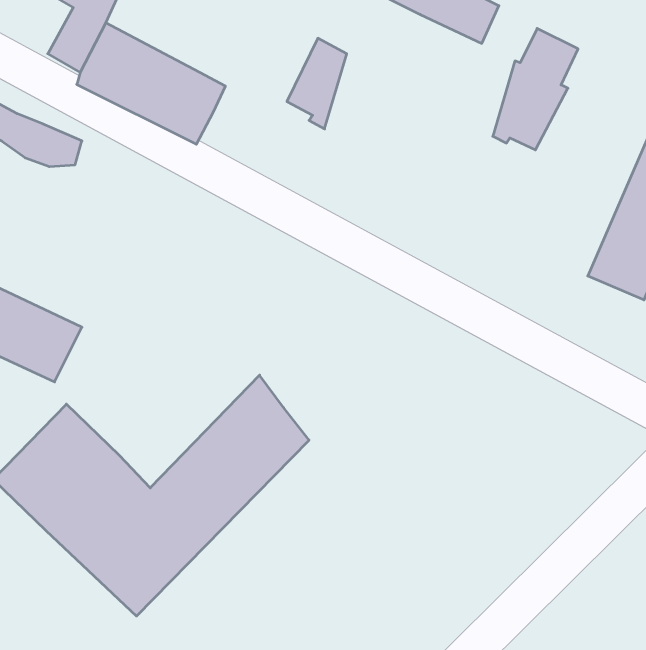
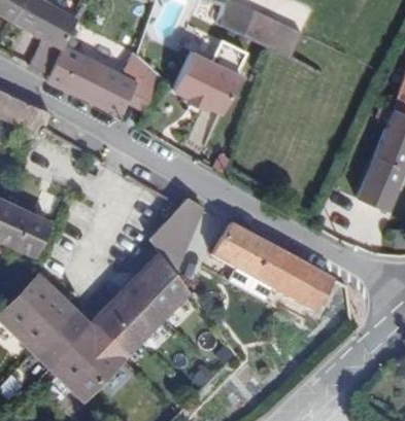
building: [493,28,578,150] -> [197,41,248,114]
building: none -> [122,50,164,108]
building: none -> [150,199,203,274]
building: none -> [213,223,334,311]

